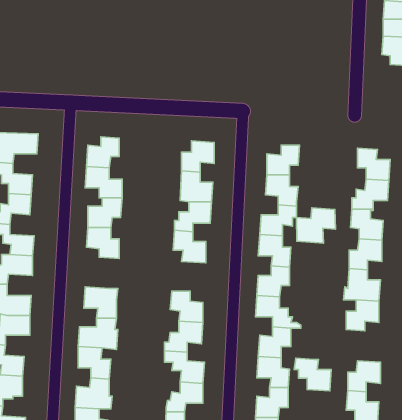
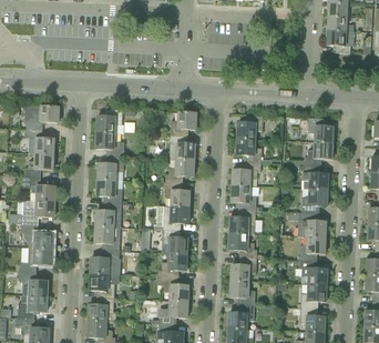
building: [297,208,335,243] -> none
building: none -> [95,202,122,226]
building: none -> [163,205,190,229]
building: [294,358,331,391] -> [298,259,327,284]

